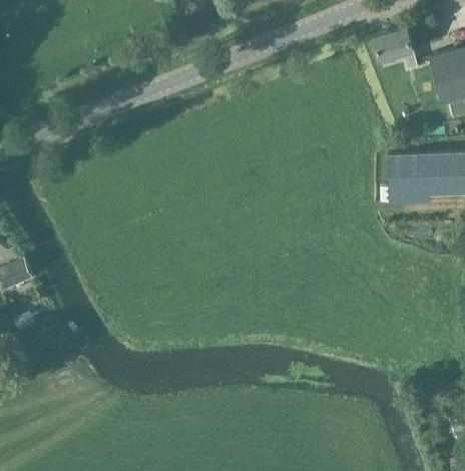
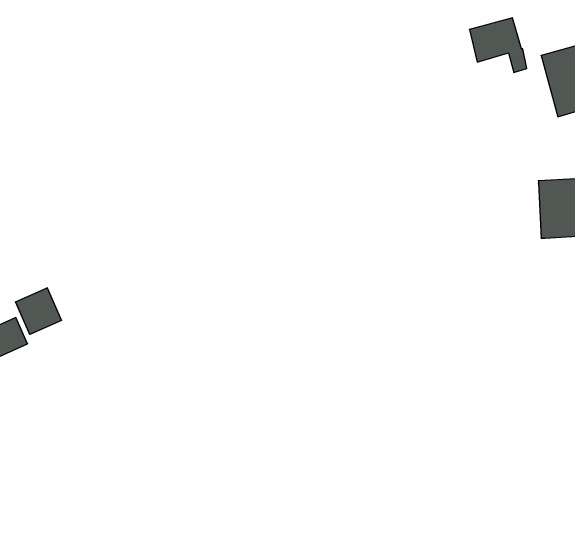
building: [388,154,431,203] -> none
building: none -> [16,288,61,334]

